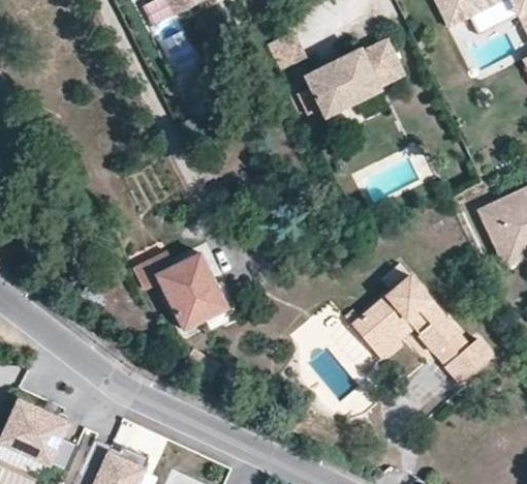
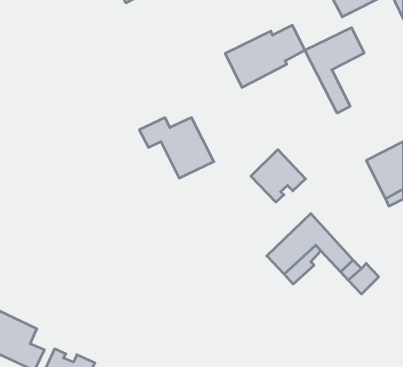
building: none -> [305,28,364,113]
building: none -> [251,150,306,202]
building: [133,251,226,327] -> [139,118,214,178]

